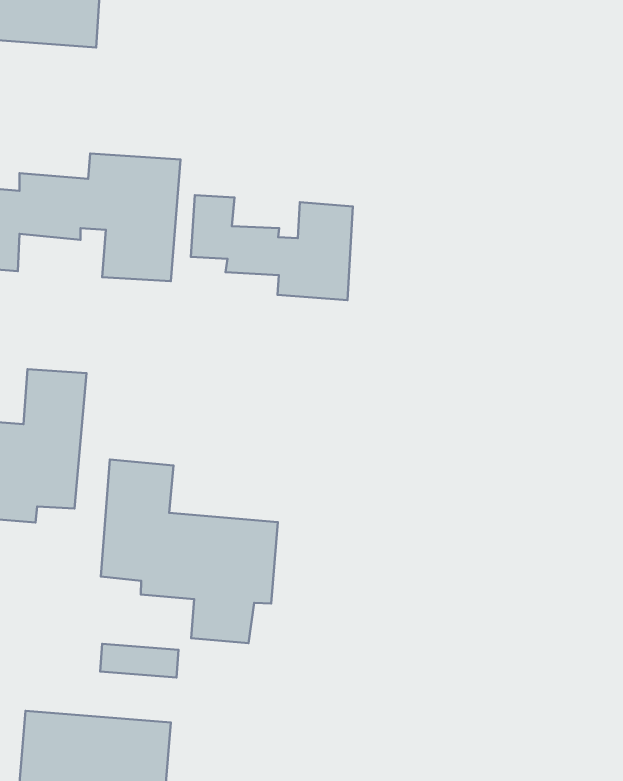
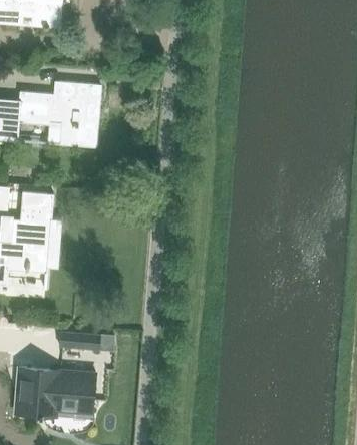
building: [191,195,353,300] -> none
building: [101,459,278,643] -> none

